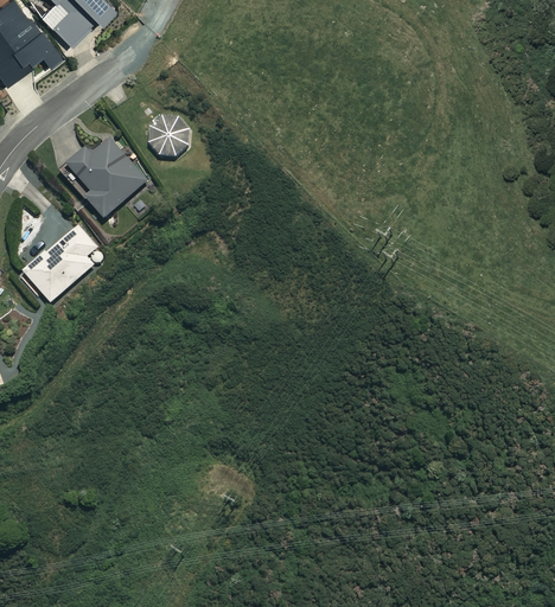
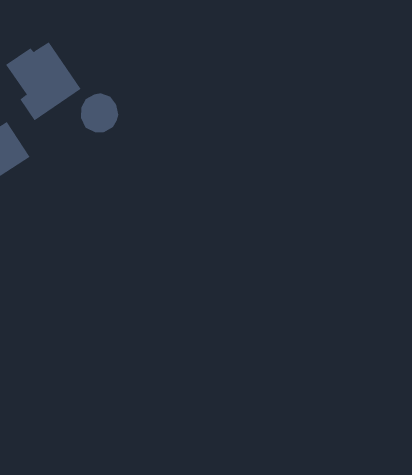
building: [148,113,189,154] -> [80,93,119,133]

